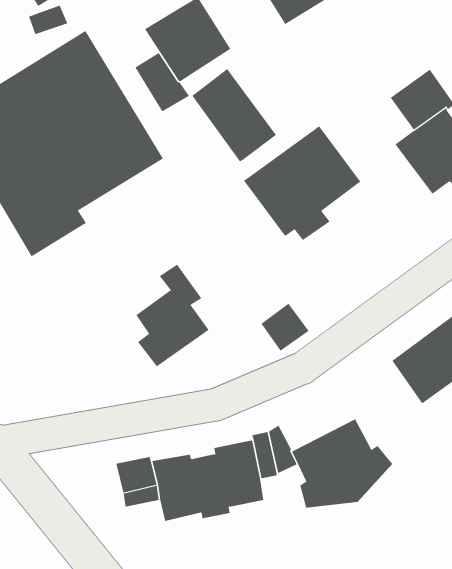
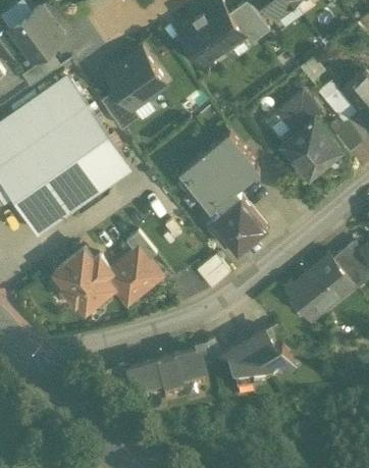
building: [192,68,277,162] -> none
building: none -> [205,197,265,251]
building: none -> [54,248,119,310]

